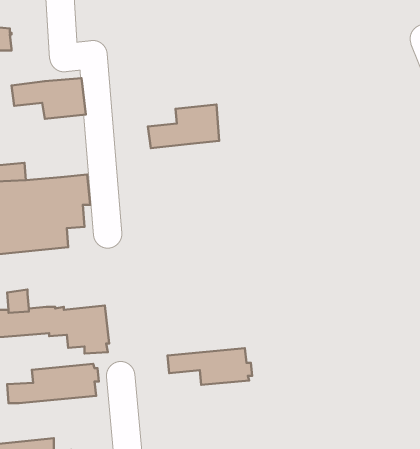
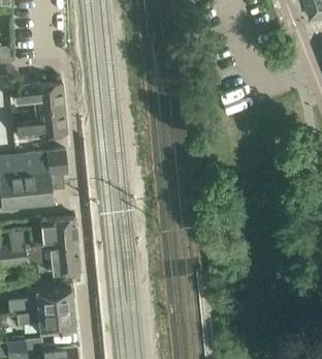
building: [148,105,219,148] -> [15,109,66,140]
building: none -> [39,217,77,247]
building: [168,348,252,385] -> [17,308,76,334]

